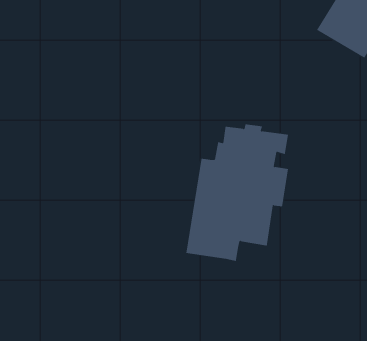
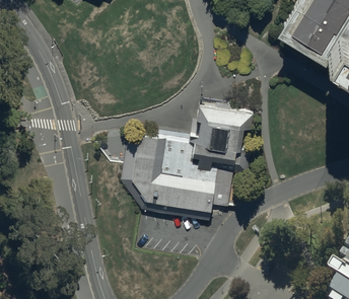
building: none -> [122,136,179,221]

